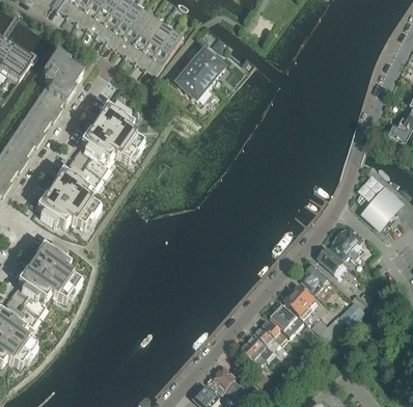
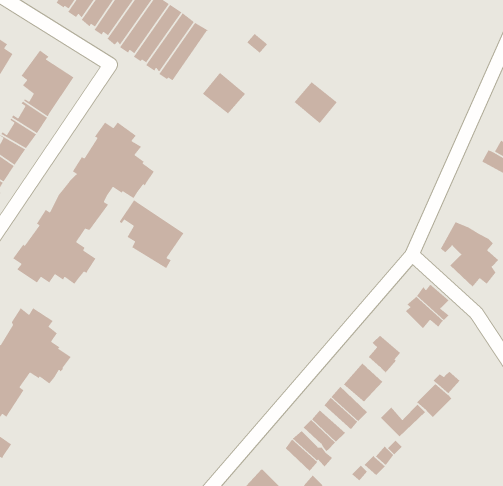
building: [191,51,224,83] -> [293,81,338,124]
building: none -> [119,199,184,269]
building: [316,247,346,276] -> none

